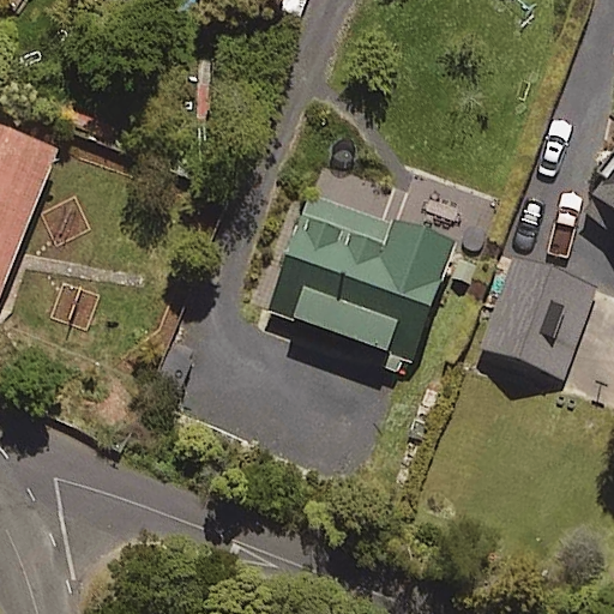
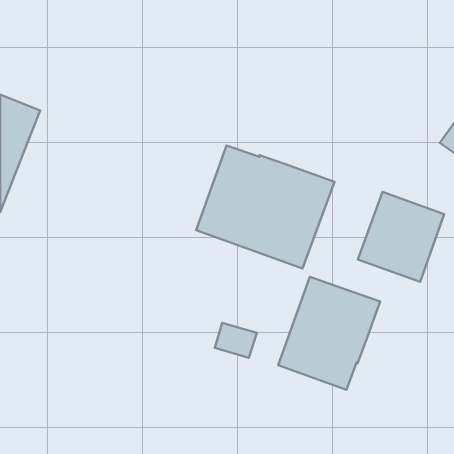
building: none -> [278,277,380,390]

